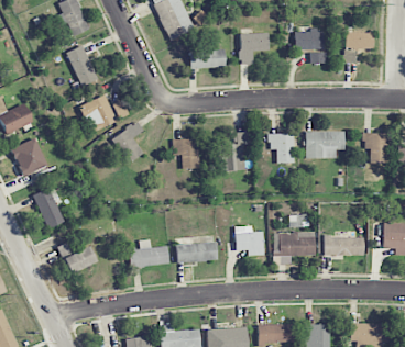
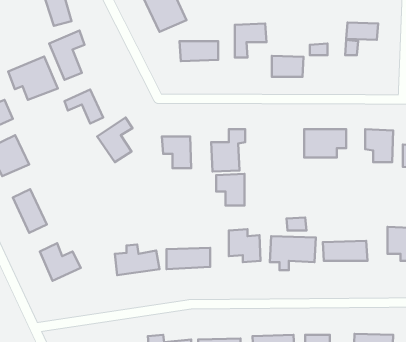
building: [296,30,326,49] -> [272,56,304,77]
building: none -> [8,56,58,100]
building: [269,133,295,163] -> [216,174,244,206]

